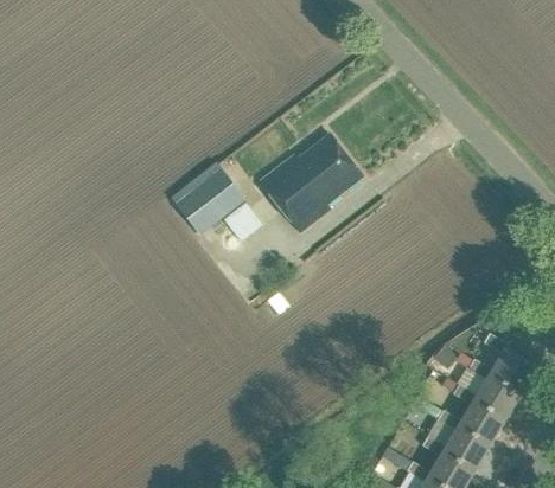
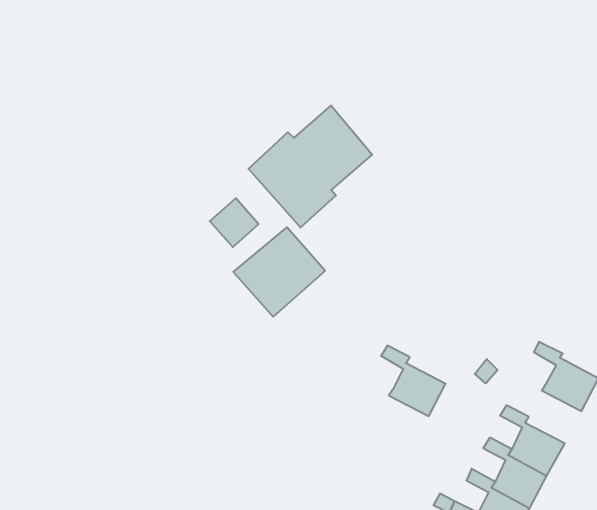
building: [168,163,244,237] -> [233,227,325,317]
building: [468,361,521,422] -> [381,345,446,416]

